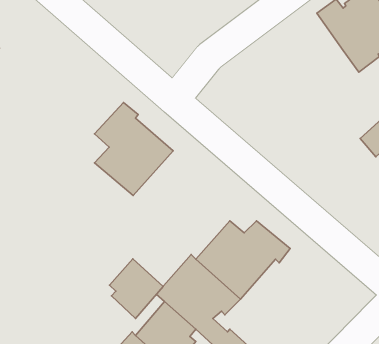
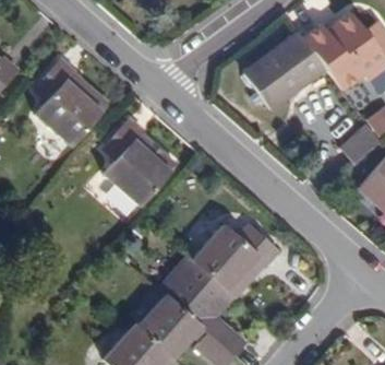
building: none -> [245,33,327,111]
building: none -> [37,60,108,145]
building: [110,259,163,318] -> none

